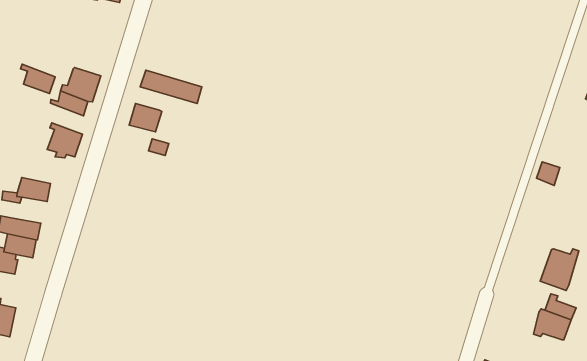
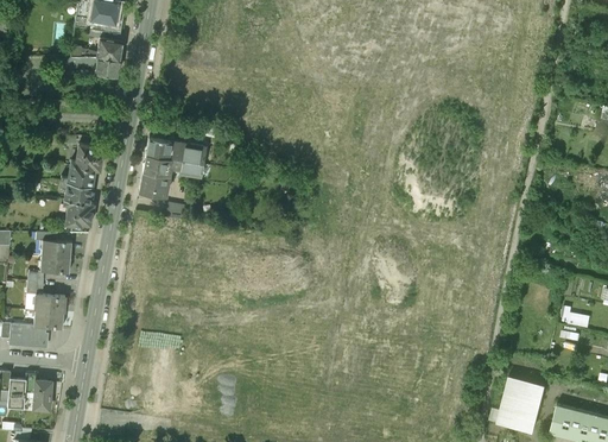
building: [20,64,55,93] -> [59,181,94,206]
building: none -> [142,154,202,176]
building: none -> [36,234,71,258]
building: [540,249,579,291] -> none
building: [534,309,571,340] -> none

